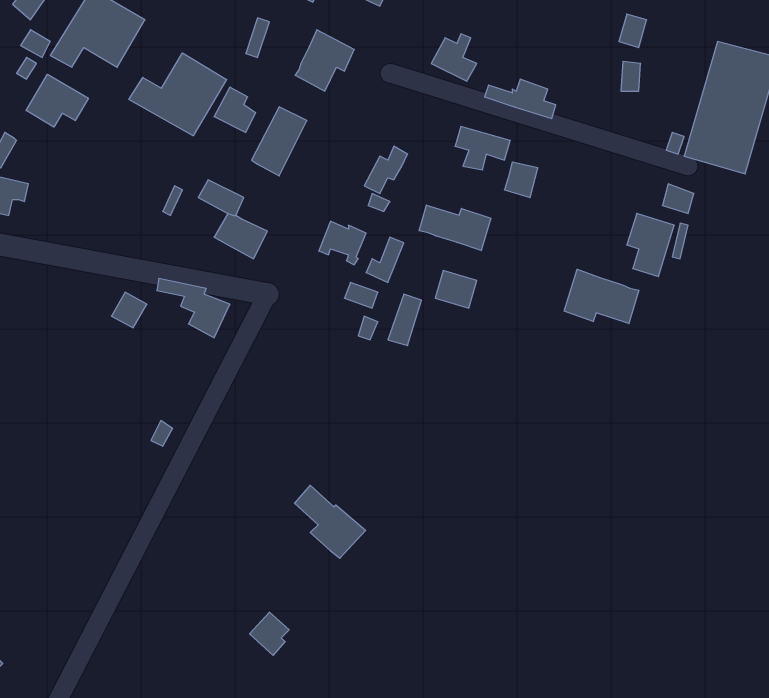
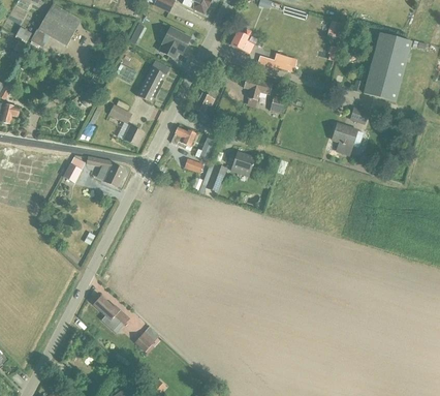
building: [129,53,227,136] -> none
building: [26,74,88,127] -> none
building: [419,205,491,251] -> none
building: [564,269,639,324] -> none
building: [294,485,366,558] -> [92,295,129,333]

